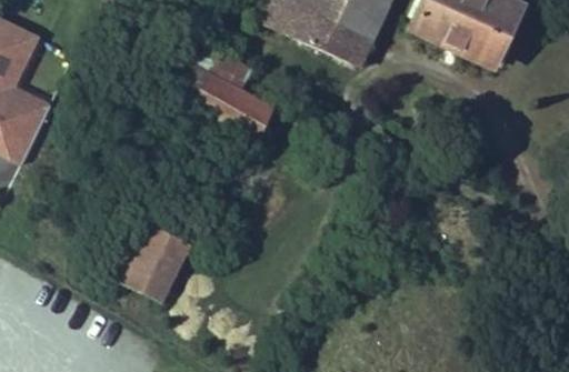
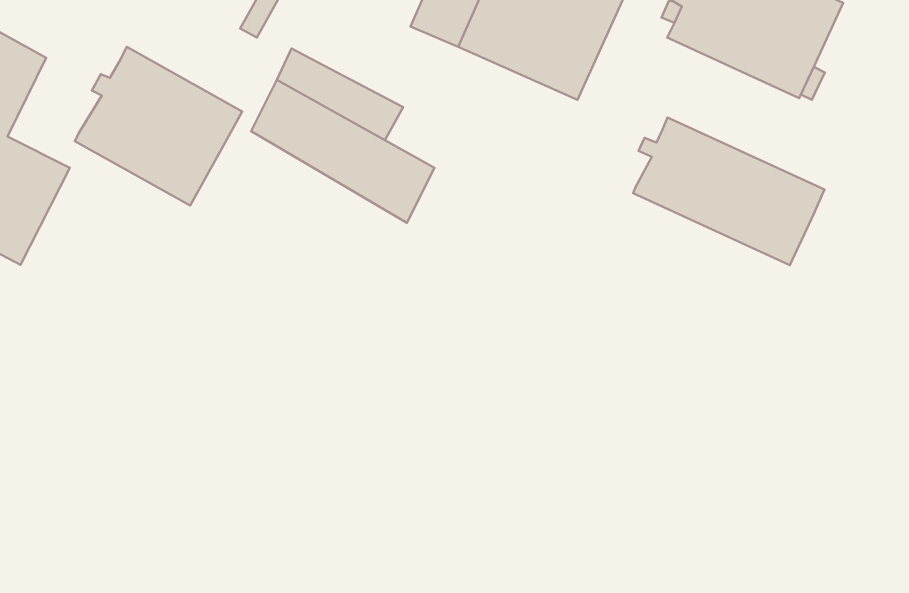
building: none -> [75,47,242,205]
building: none -> [633,117,824,265]
building: [112,219,189,298] -> none

